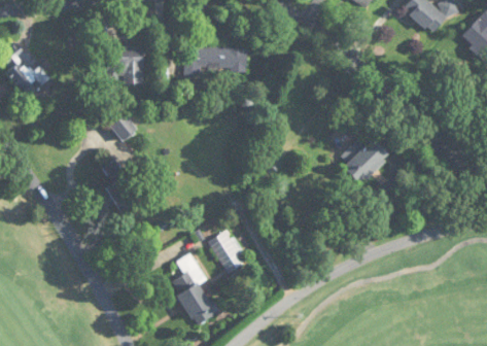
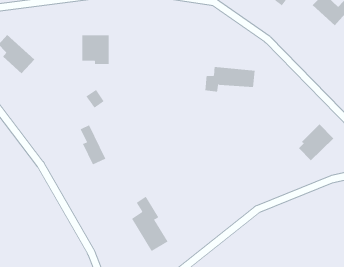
building: [182,44,248,77] -> [204,67,256,92]
building: [343,136,389,184] -> [298,123,334,161]
building: [209,231,244,274] -> none

